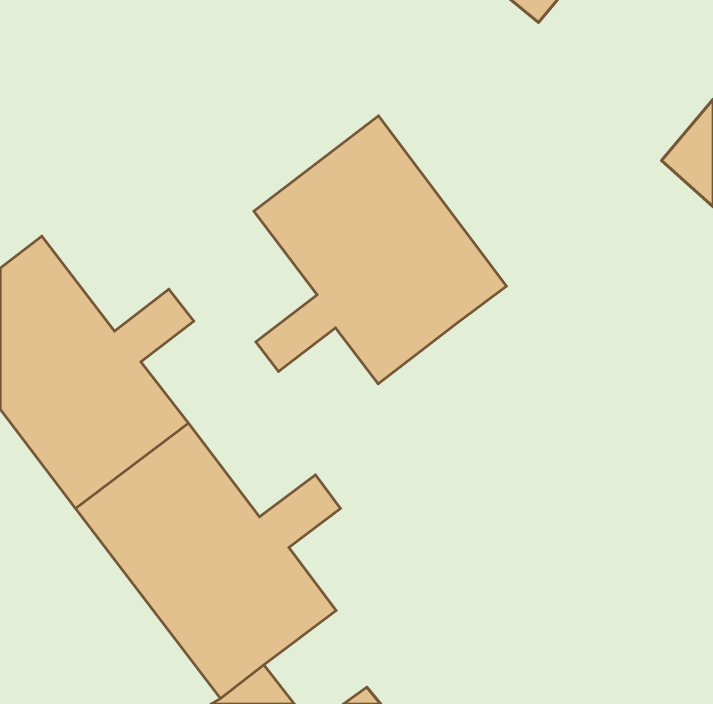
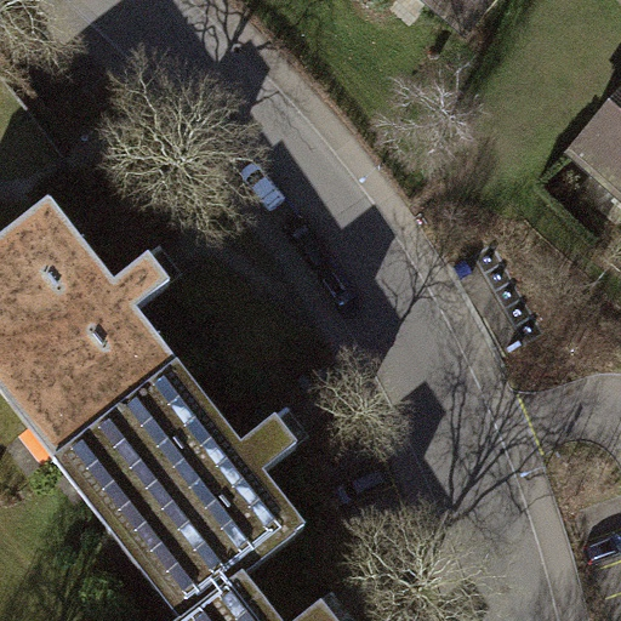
building: [254,116,507,384] -> none

